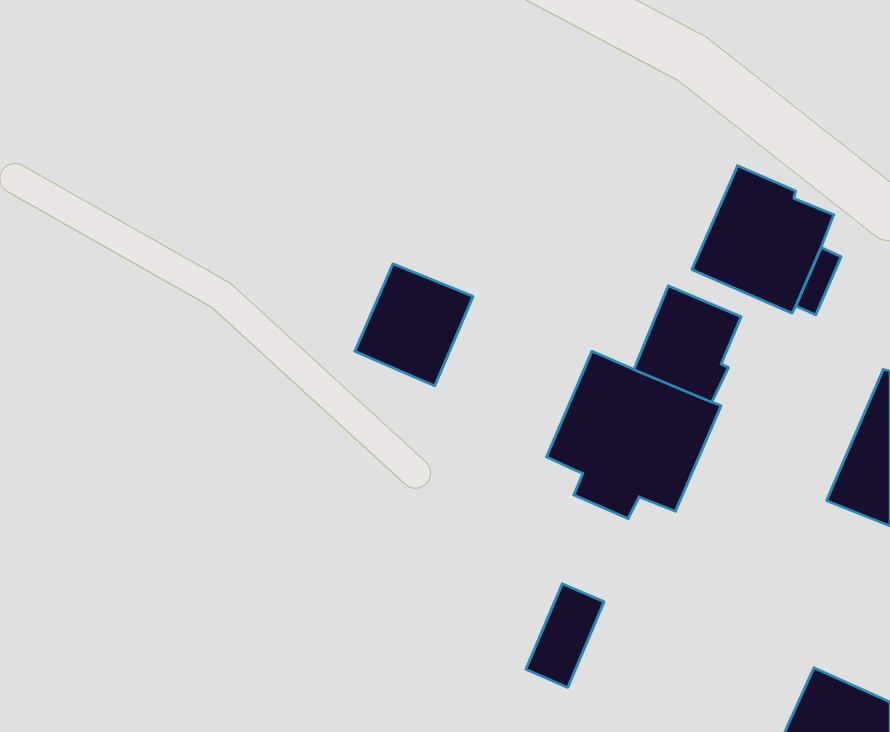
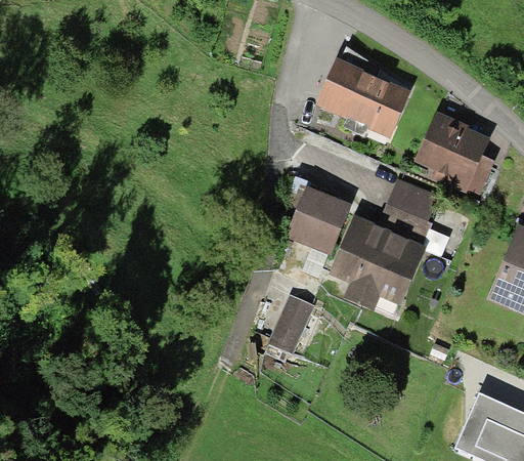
building: none -> [315,56,411,138]
building: [355,264,473,386] -> [286,186,352,255]
building: [526,584,604,687] -> [268,295,312,353]

